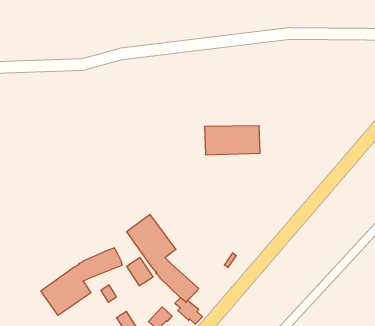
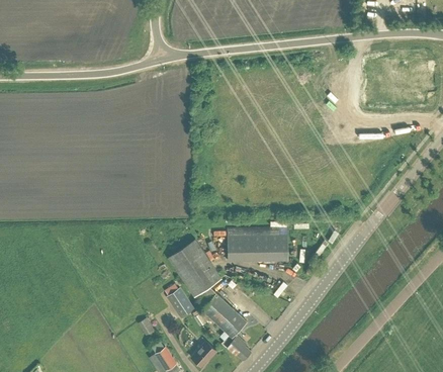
building: [204,126,260,155] -> [229,229,290,262]
building: [41,248,122,315] -> none

